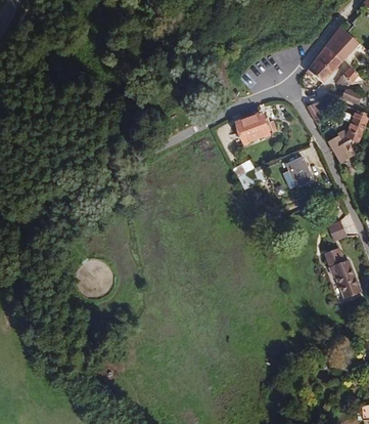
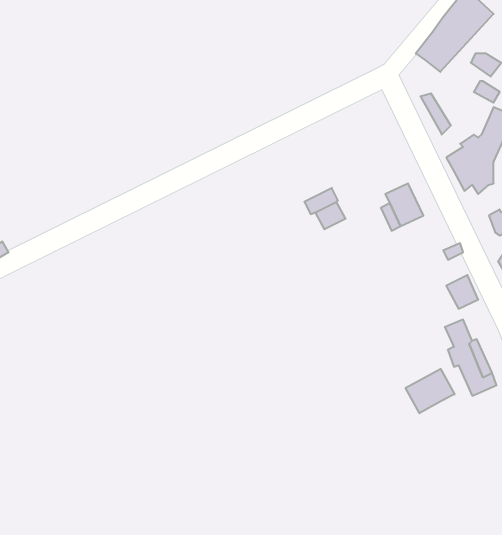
building: [235,113,276,143] -> none
building: none -> [406,369,455,413]

